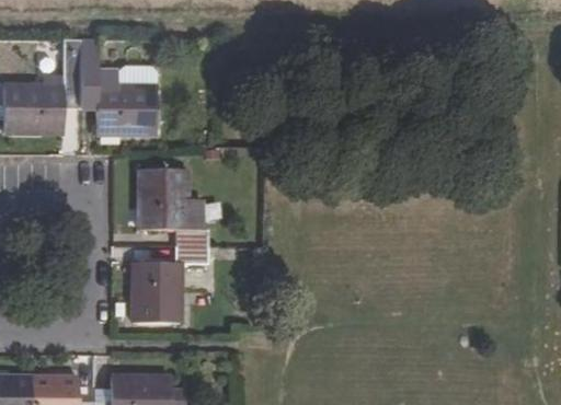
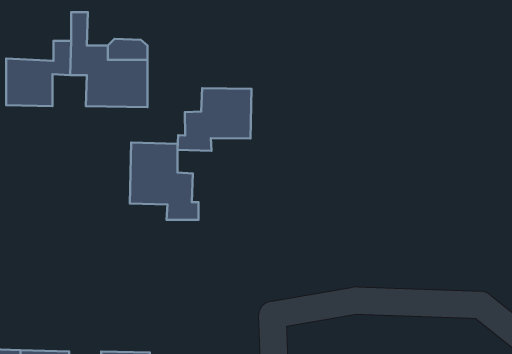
building: none -> [177,88,251,151]
building: [131,246,206,323] -> none

